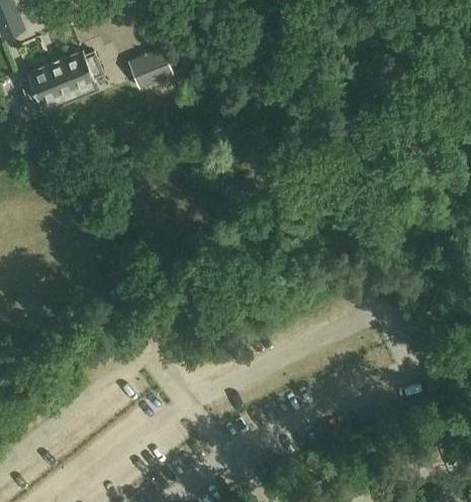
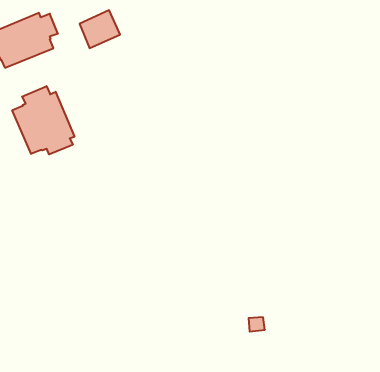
building: none -> [12,86,74,154]

